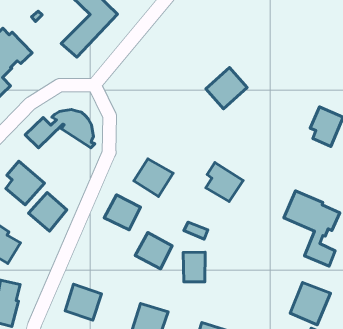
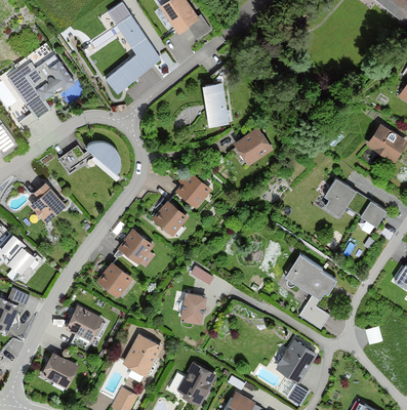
building: none -> [204,84,227,126]
building: [206,162,243,202] -> [174,169,210,208]
building: [28,193,67,231] -> none
building: [135,233,172,269] -> [95,261,131,297]

